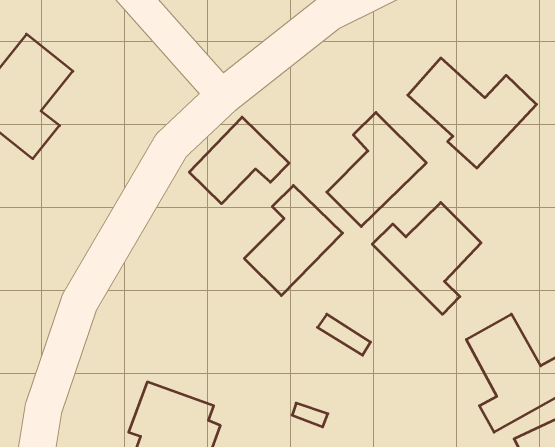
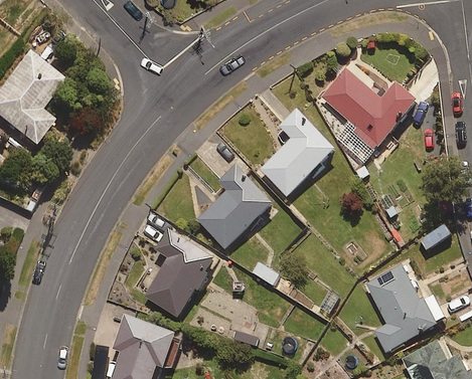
building: [189,117,289,204] -> none
building: [372,202,481,314] -> none
building: none -> [140,228,215,318]

